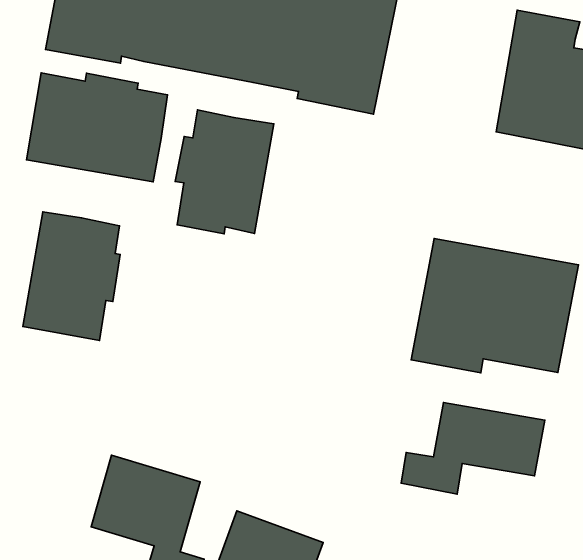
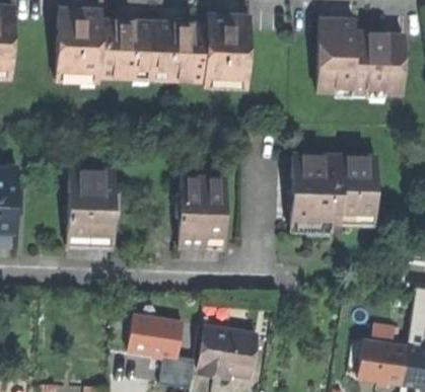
building: [26,73,168,182] -> none
building: [175,110,274,234] -> [174,175,225,243]
building: [401,403,545,494] -> none

